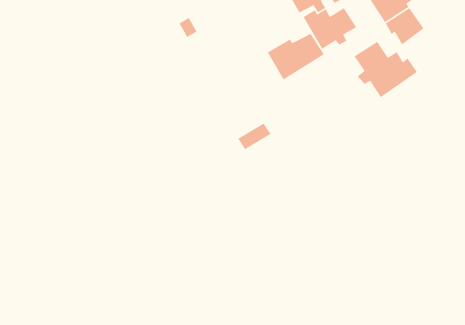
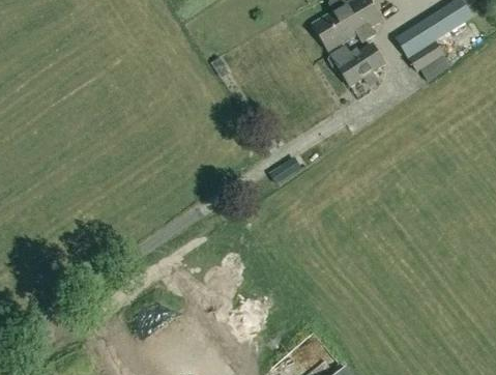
building: [267,33,325,80] -> none
building: [353,41,418,98] -> none

